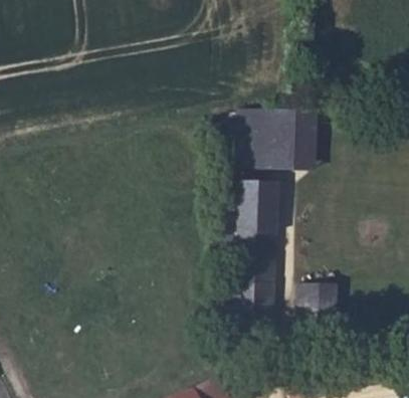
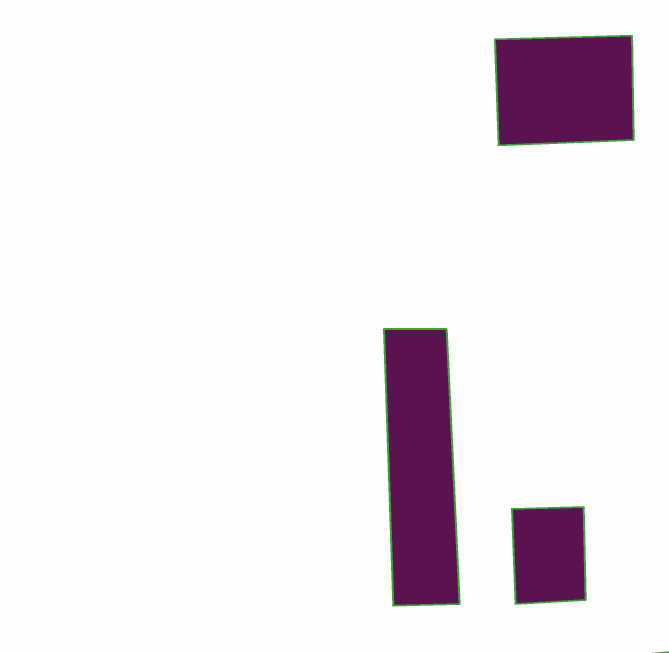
building: [235,111,311,170] -> [495,36,634,145]

